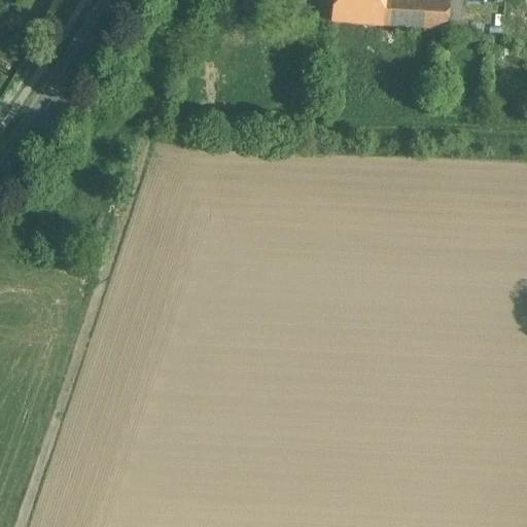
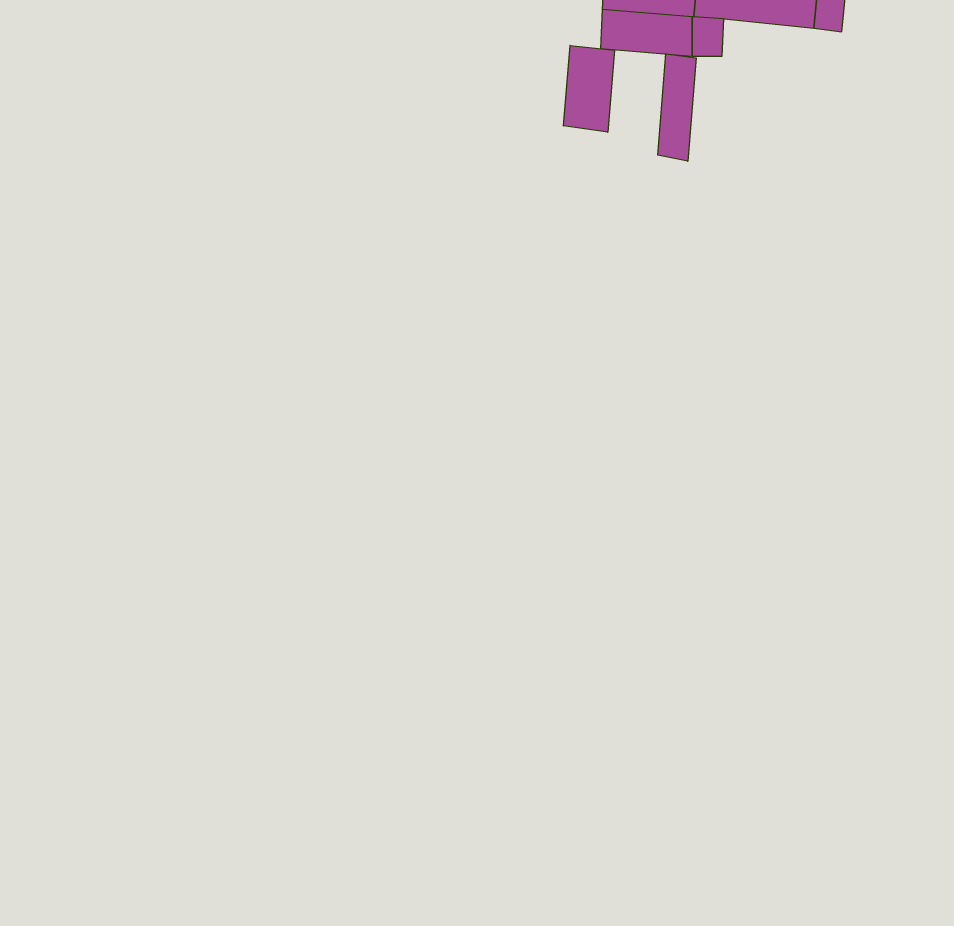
building: none -> [564,45,615,132]
building: none -> [658,54,696,161]

